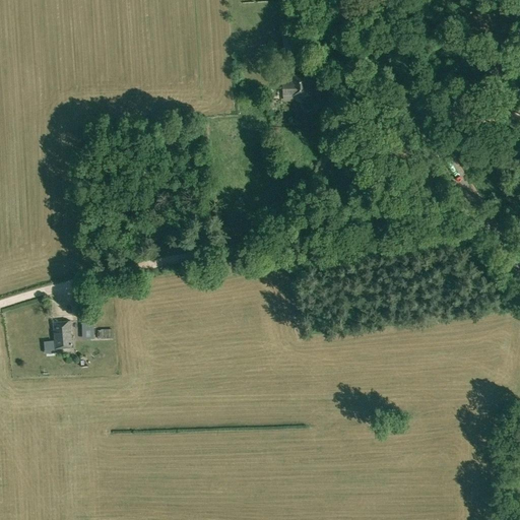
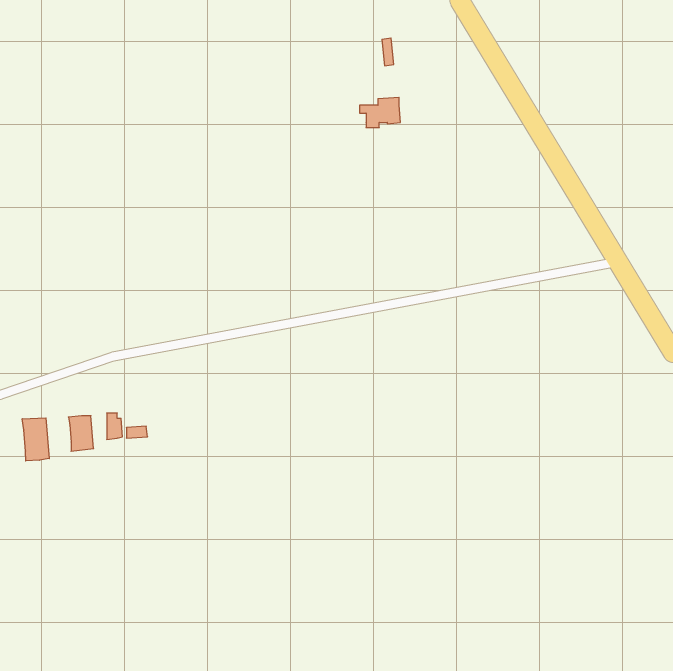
building: none -> [22,418,49,461]

